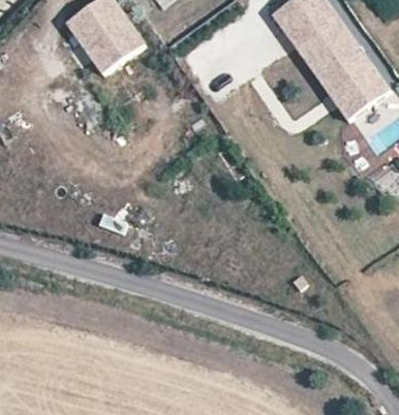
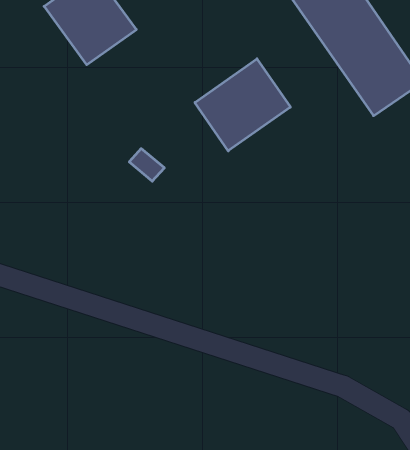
building: none -> [195,59,290,151]

